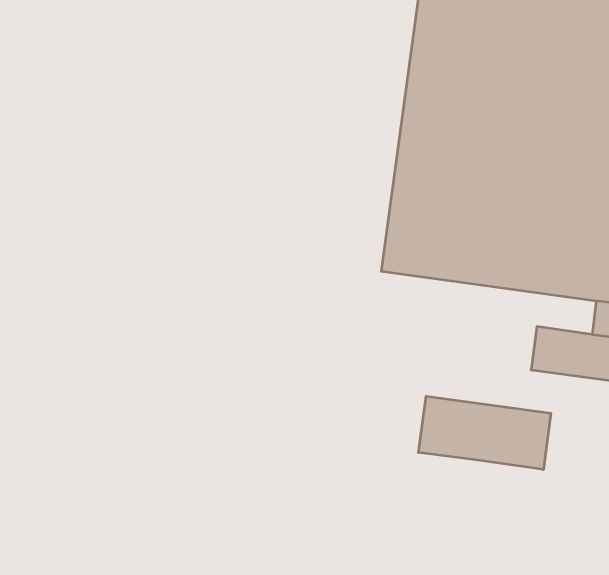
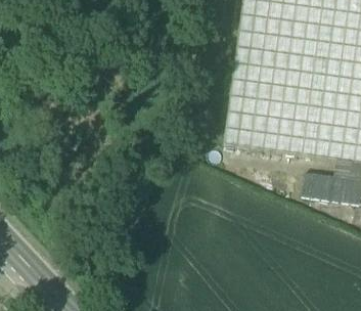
building: [418,396,551,470] -> none

